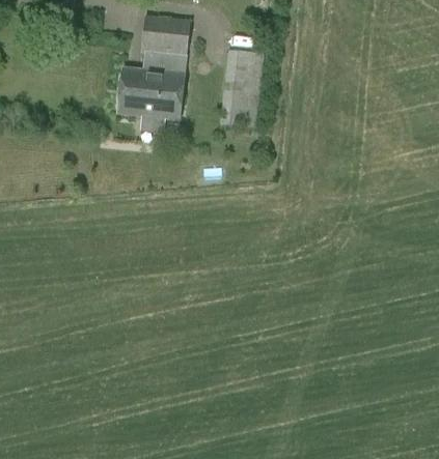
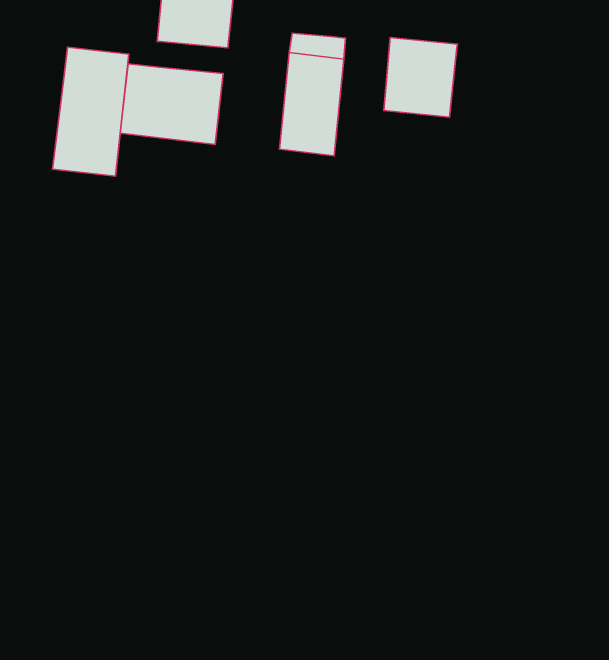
building: none -> [384,38,457,117]
building: none -> [53,47,129,176]

